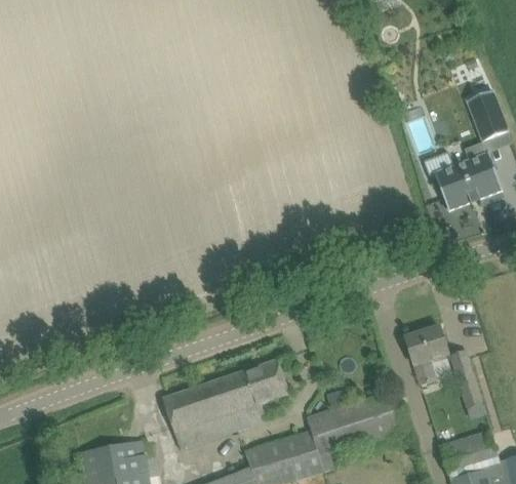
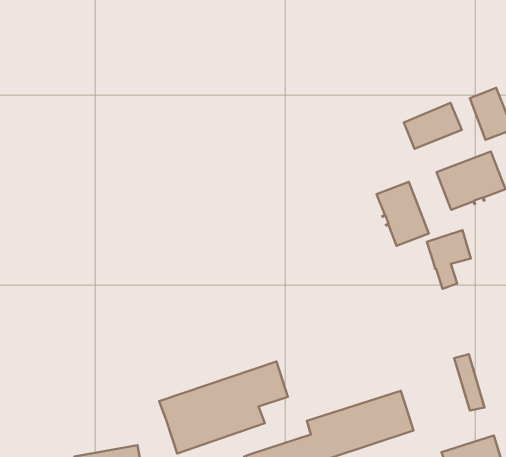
building: none -> [404,103,462,149]
building: none -> [377,182,429,246]
building: [405,326,448,384] -> [427,230,471,289]

